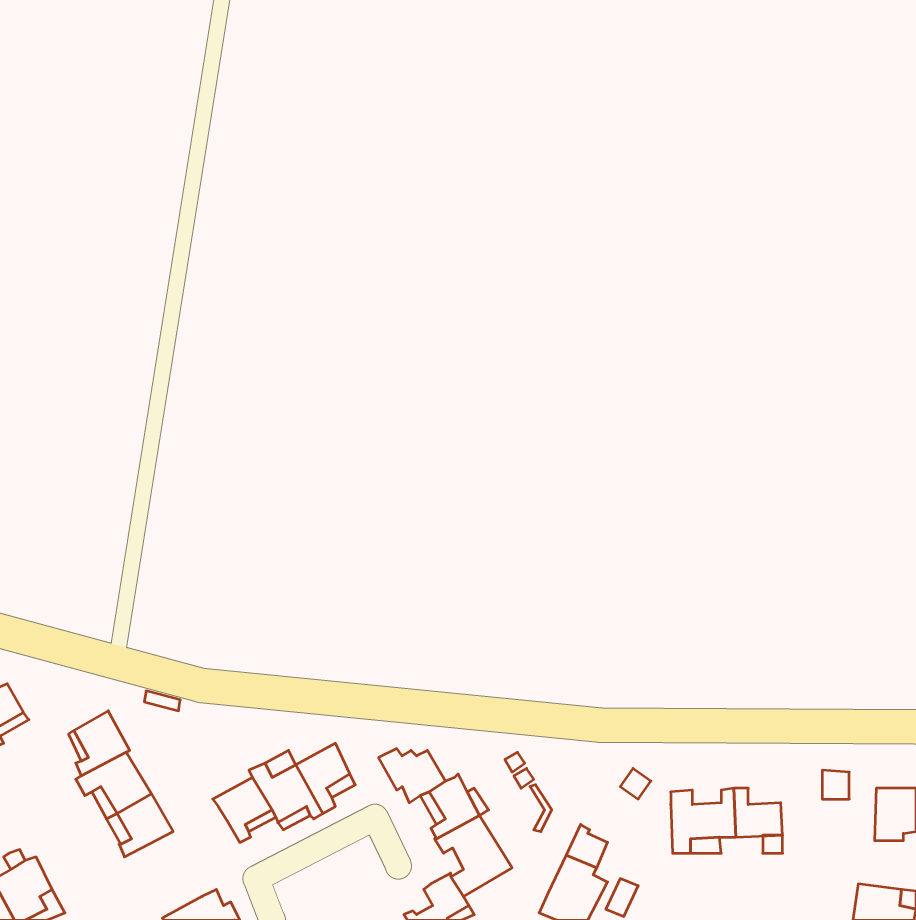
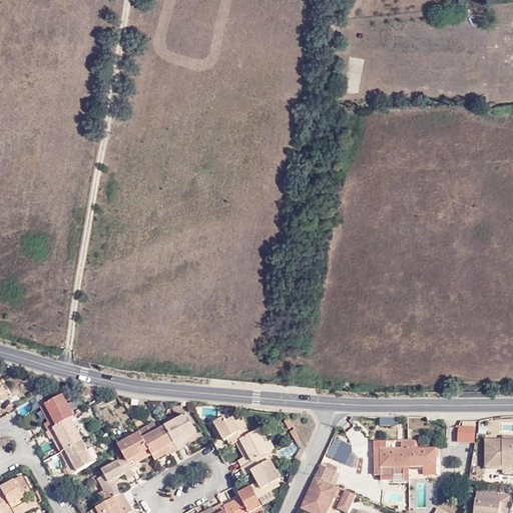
building: none -> [324,439,357,468]
building: none -> [101,456,136,498]

